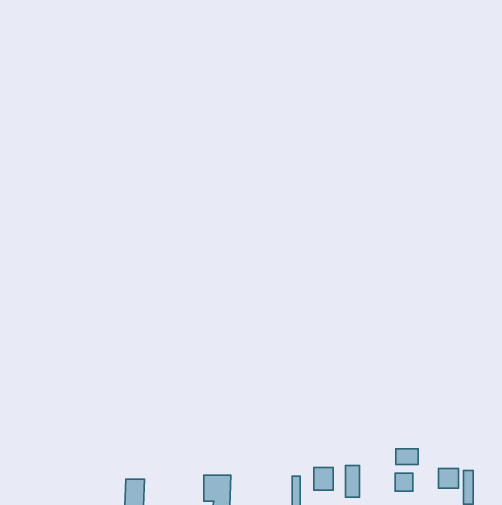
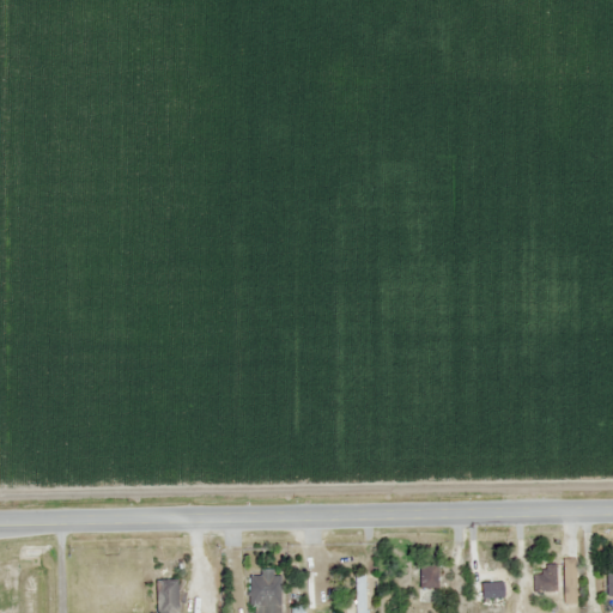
building: [396,449,418,465] -> none
building: [314,467,333,490] -> none

